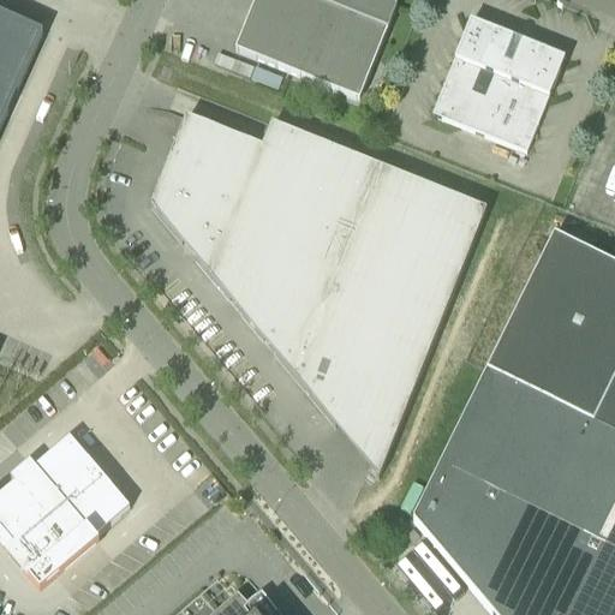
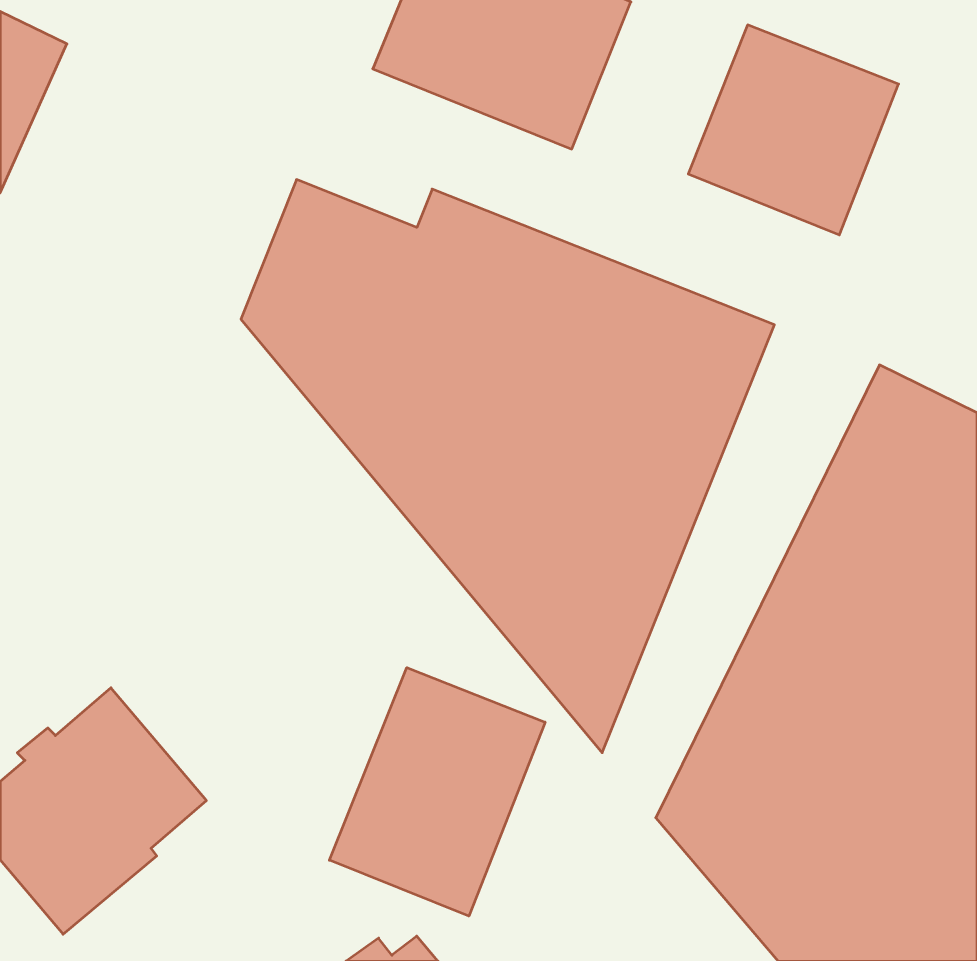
building: none -> [329,668,545,916]

